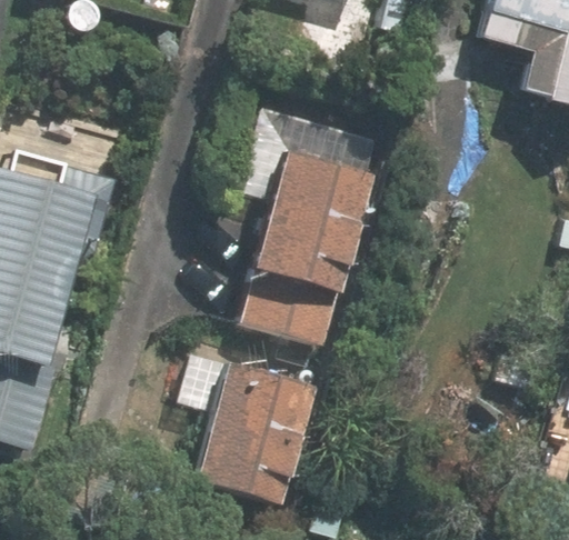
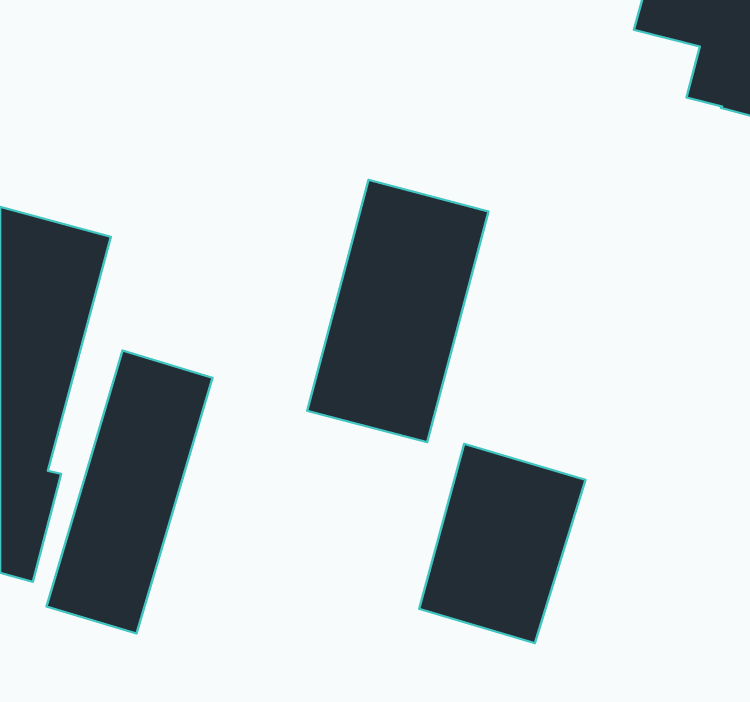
building: none -> [47,351,212,634]
building: [196,358,319,506] -> [419,444,586,643]

